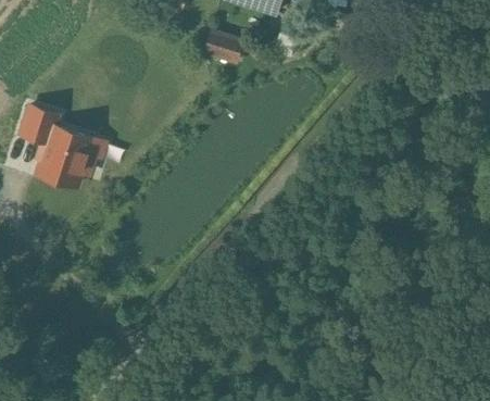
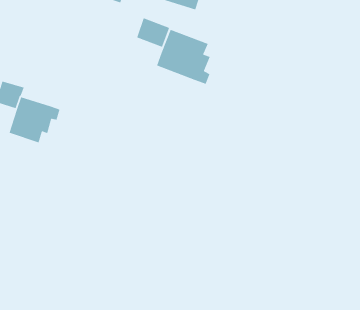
building: none -> [156,29,211,85]

